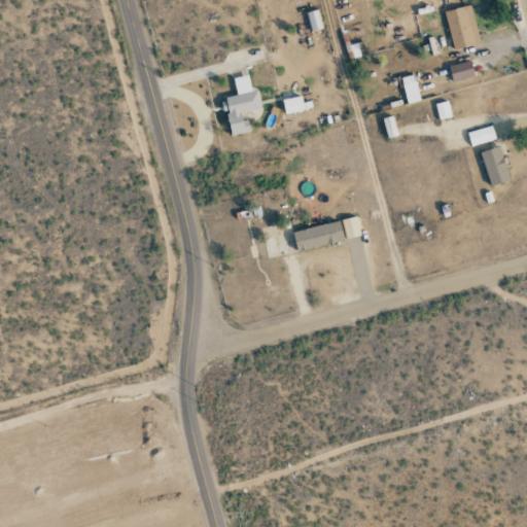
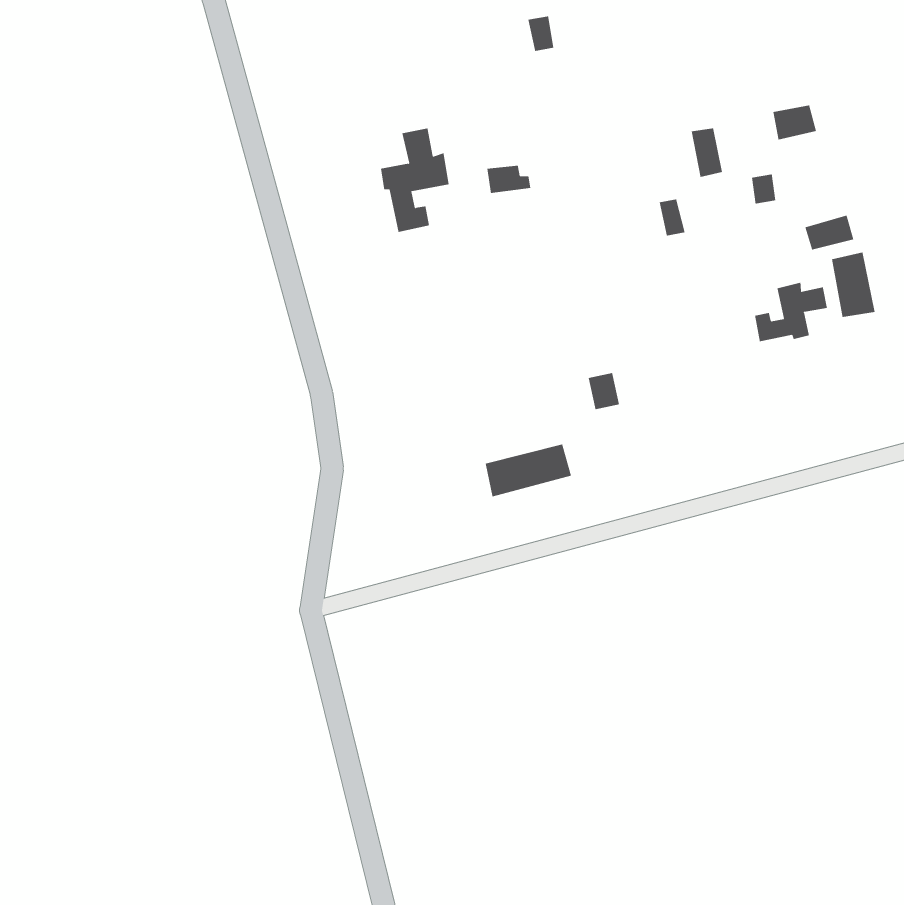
building: [446,4,482,49] -> none
building: none -> [754,282,828,342]
building: [294,220,345,251] -> [485,444,572,497]

